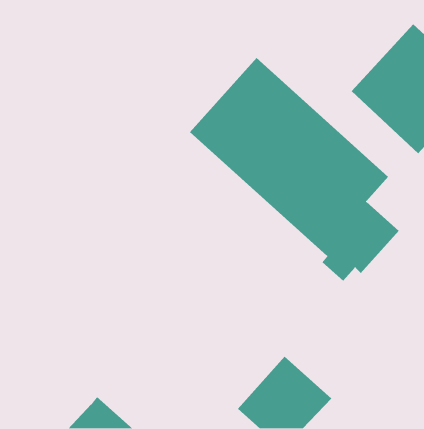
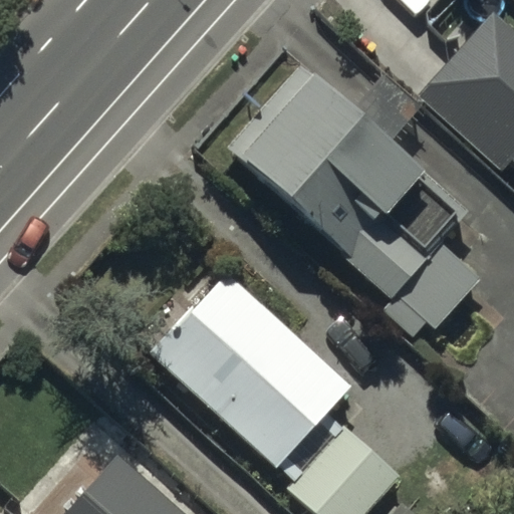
building: none -> [149,270,351,470]

